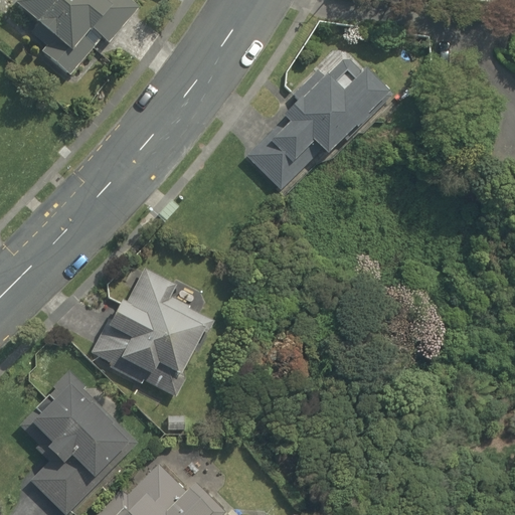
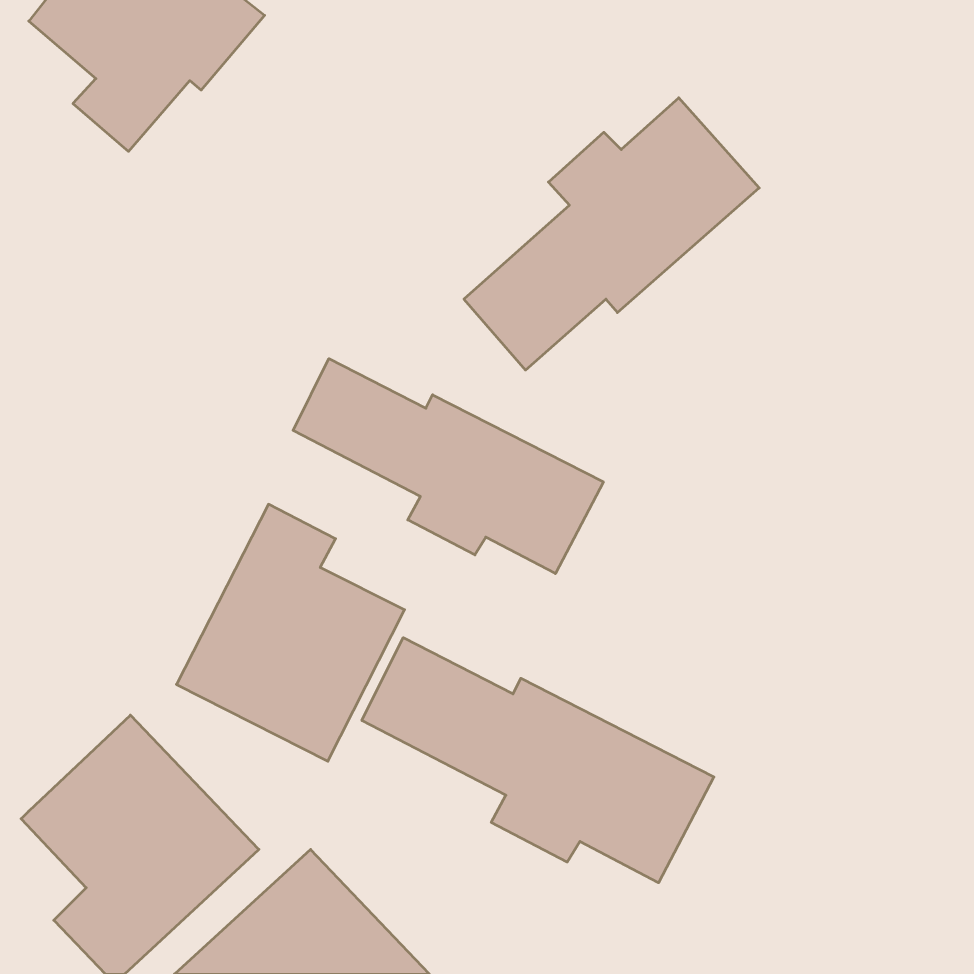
building: none -> [293,359,603,574]
building: none -> [362,638,714,883]

